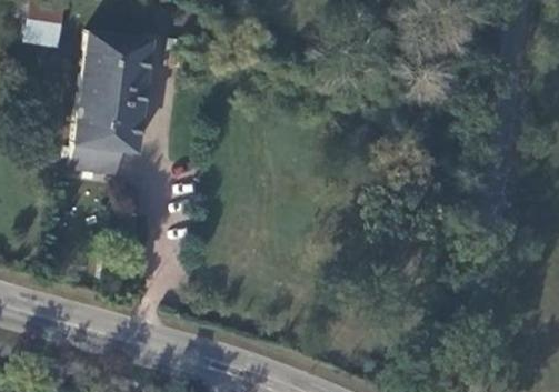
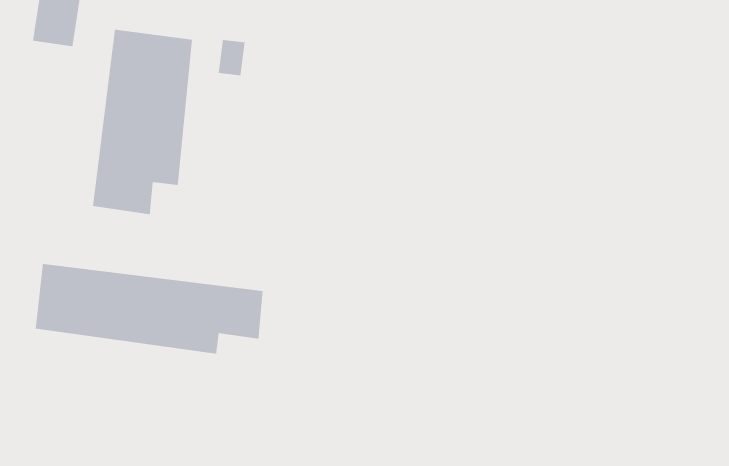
building: none -> [35,263,263,354]

